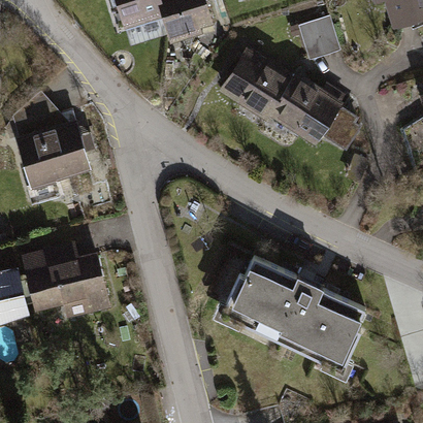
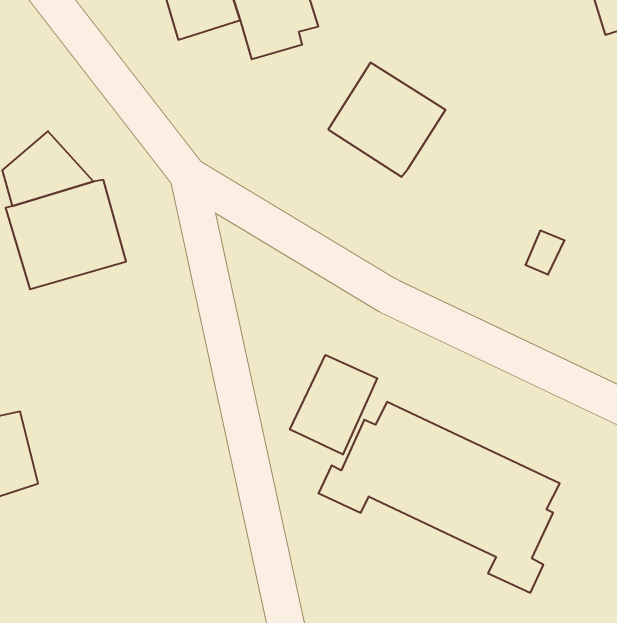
building: [298,14,343,61] -> none
building: [269,72,361,152] -> none
building: none -> [290,355,377,455]
building: [21,242,110,319] -> none

